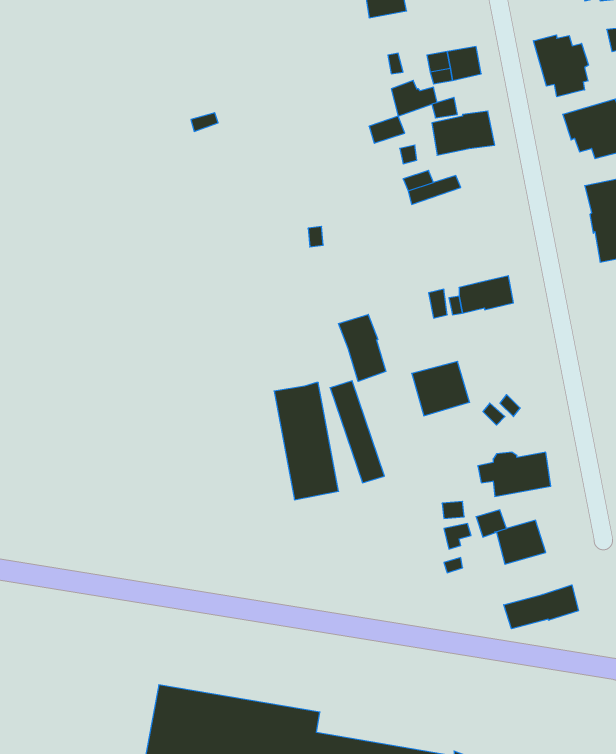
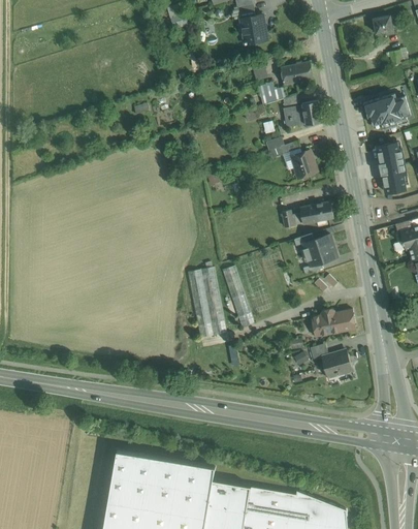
building: [533,35,588,97] -> none
building: none -> [291,151,317,178]
building: [339,314,386,381] -> none
building: [412,361,470,416] -> [303,236,339,269]
building: [504,585,578,629] -> none

